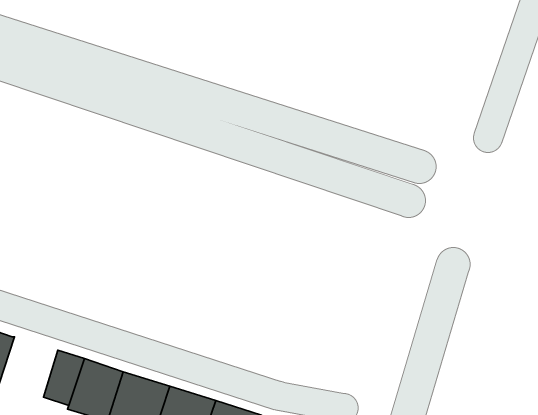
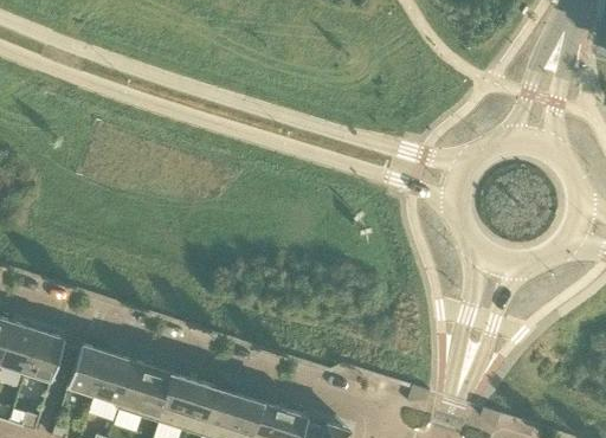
building: none -> [65,343,107,398]

